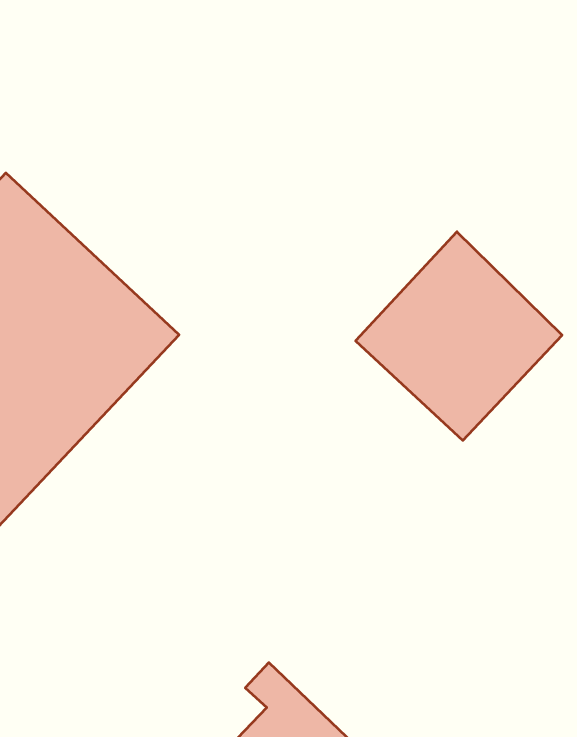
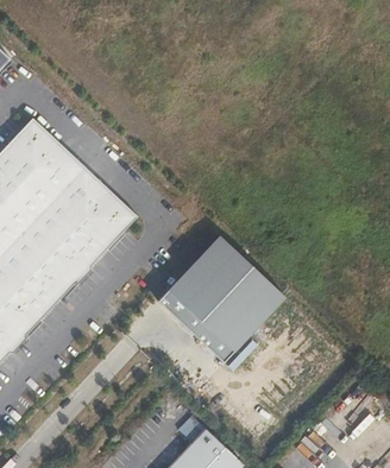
building: [356,232,562,440] -> [158,236,284,363]

